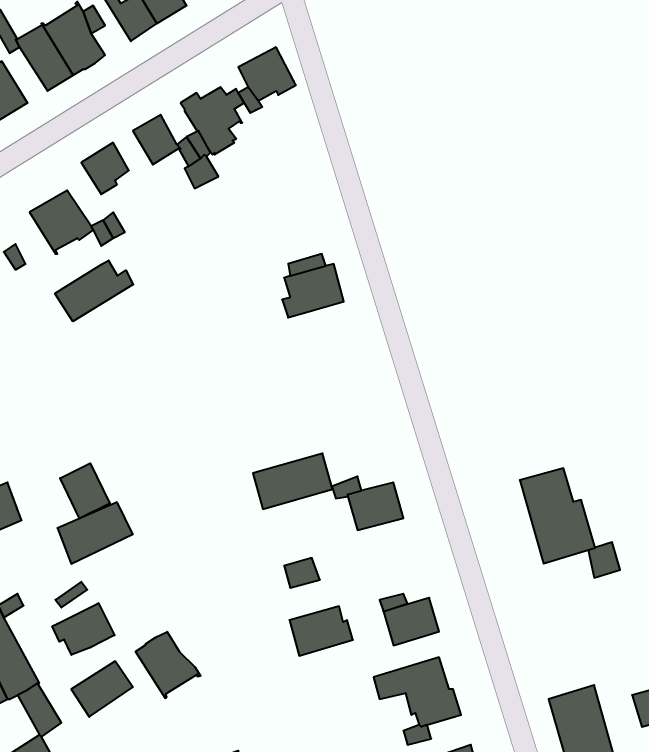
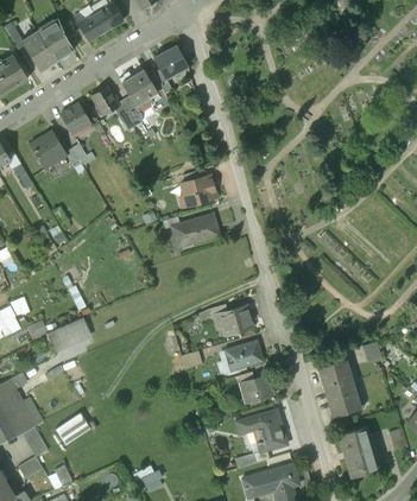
building: [55,260,133,321] -> none
building: [253,453,333,509] -> [171,214,219,247]
building: [60,463,110,518] -> none
building: [520,468,595,564] -> [318,360,364,417]
building: [52,603,115,655] -> none
building: [289,606,353,656] -> [225,341,263,370]
building: [136,632,201,698] -> none

